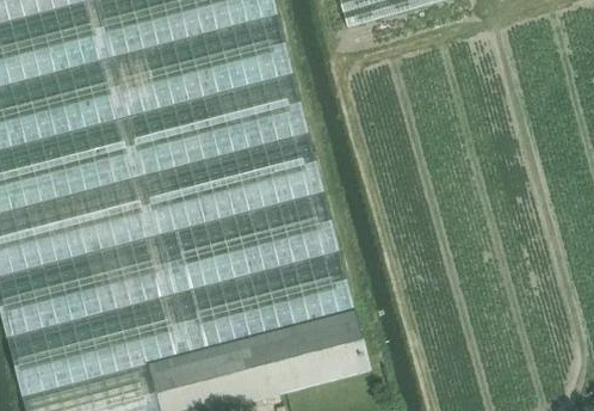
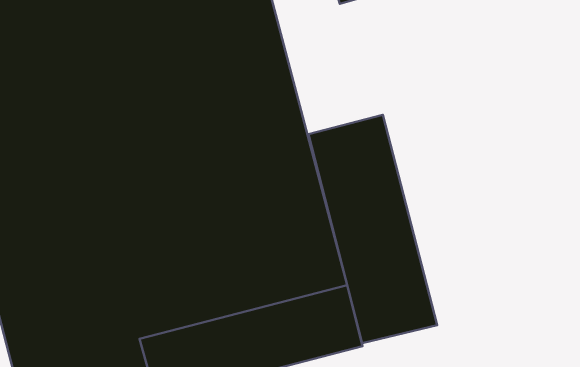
building: none -> [308,115,437,344]

